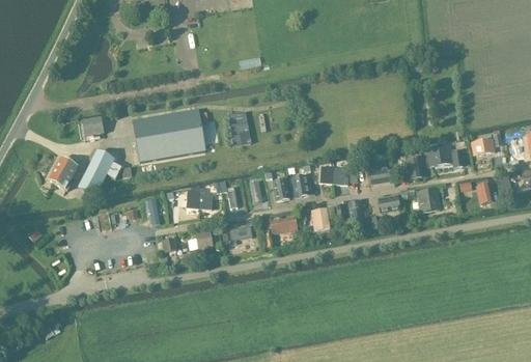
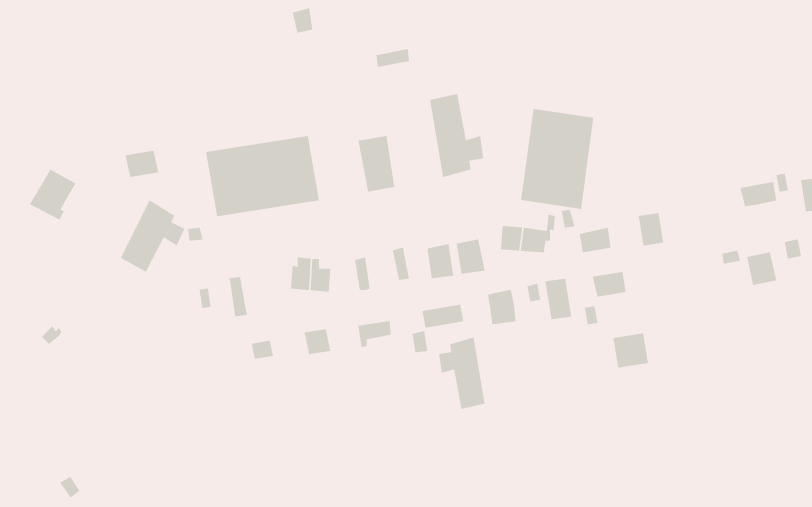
building: none -> [429,93,484,178]
building: none -> [520,108,594,210]
building: [427,145,464,165] -> none
building: [48,157,78,190] -> [29,168,76,221]
building: [417,189,440,212] -> [613,332,649,369]
building: none -> [438,337,485,410]

